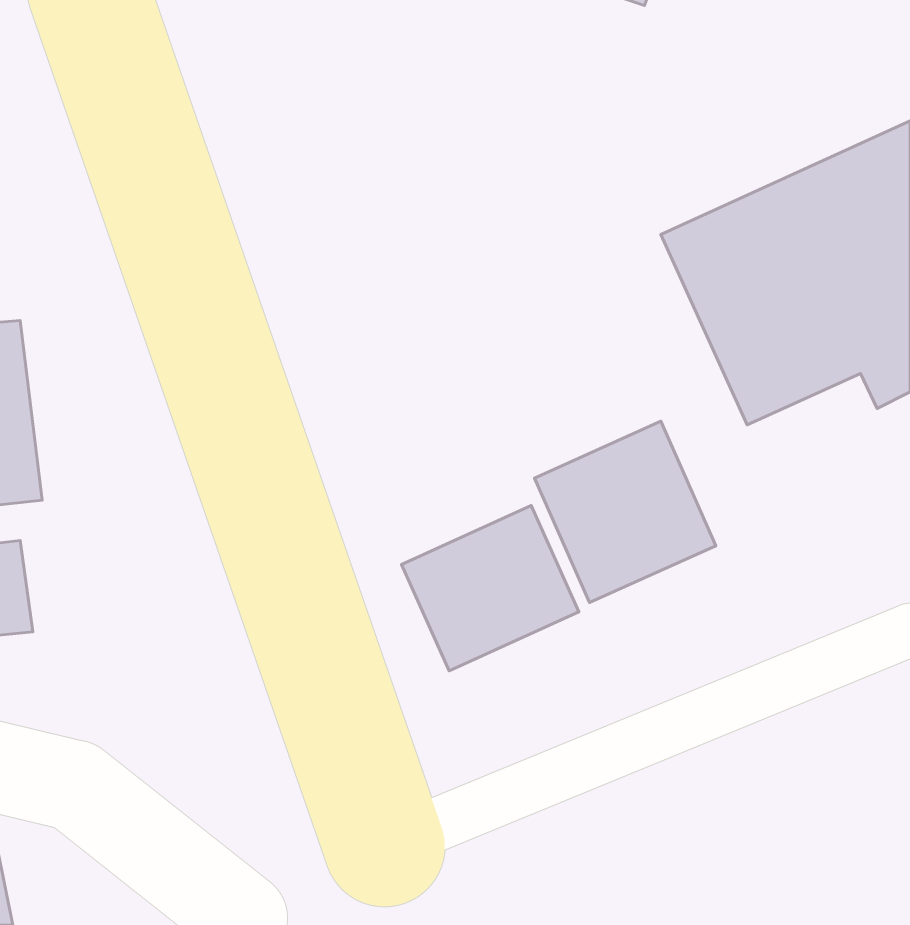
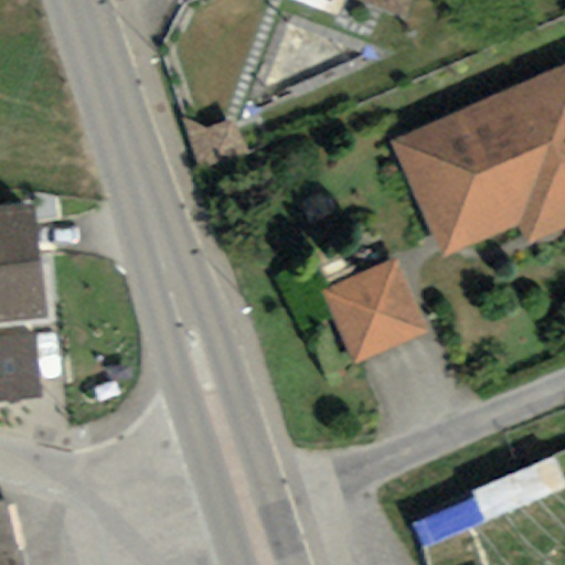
building: [402,506,579,671] -> none

